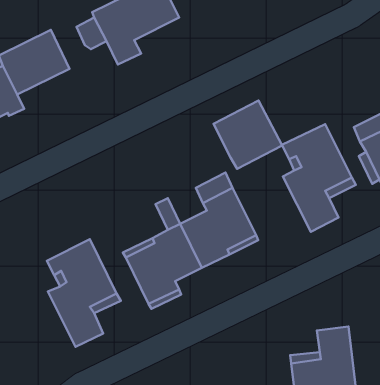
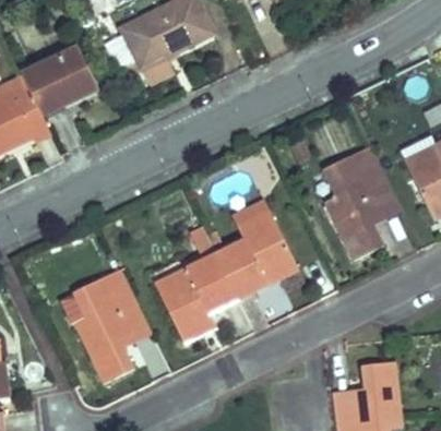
building: [213,101,282,169] -> none

